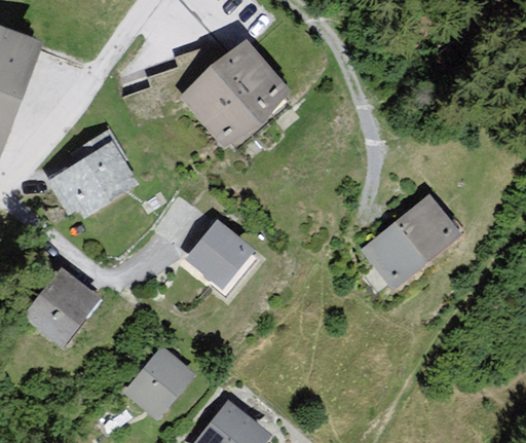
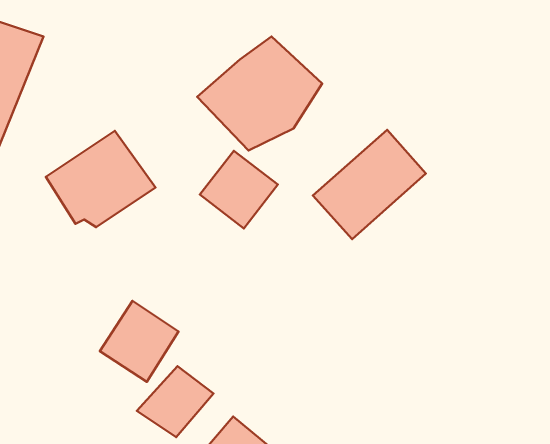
building: [352,191,458,294] -> [313,130,426,239]
building: [179,217,252,290] -> [200,151,278,228]
building: [20,268,93,344] -> [100,301,179,382]

